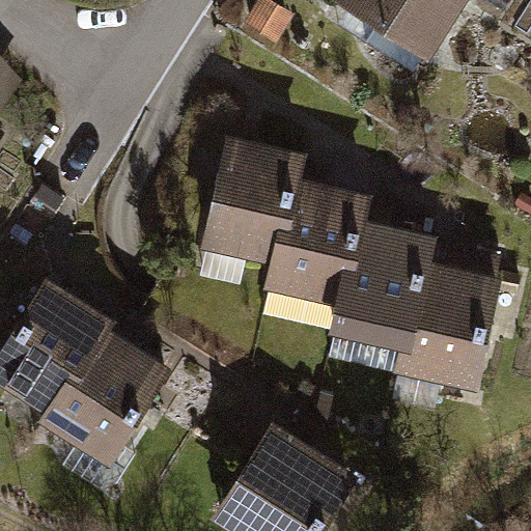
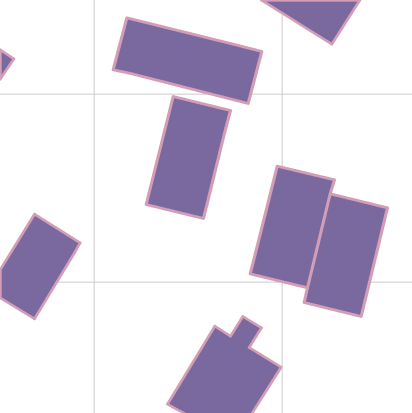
building: none -> [113,18,262,103]
building: [259,173,365,329] -> none
building: [39,327,167,468] -> none

